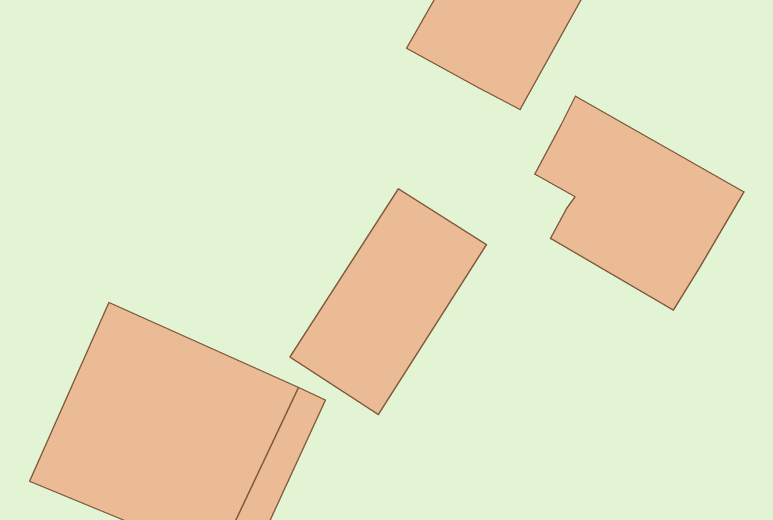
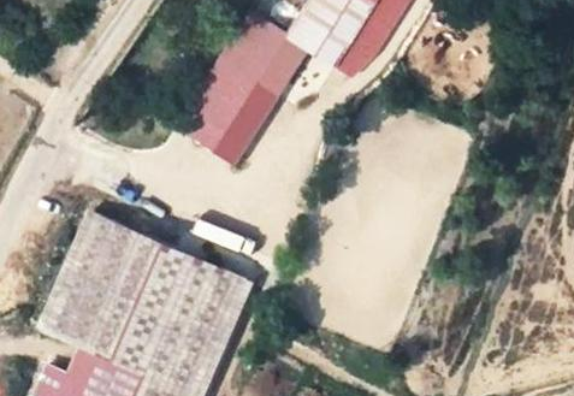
building: [535,96,744,310] -> none
building: [290,189,487,415] -> [173,14,304,165]

